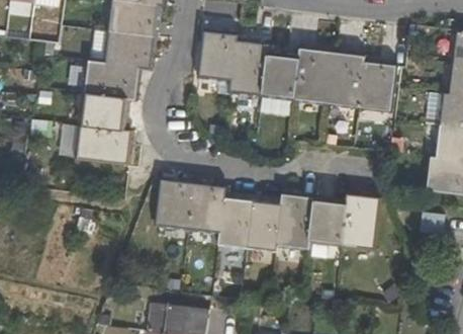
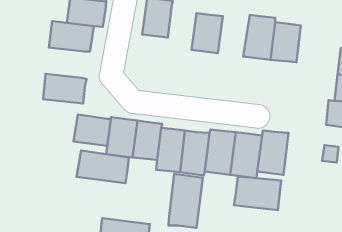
building: [228,39,266,95] -> none
building: [292,49,332,103] -> none
building: [80,92,127,130] -> none
building: none -> [73,115,111,146]
building: none -> [77,151,129,183]
building: none -> [168,174,203,228]
building: none -> [234,176,281,210]

